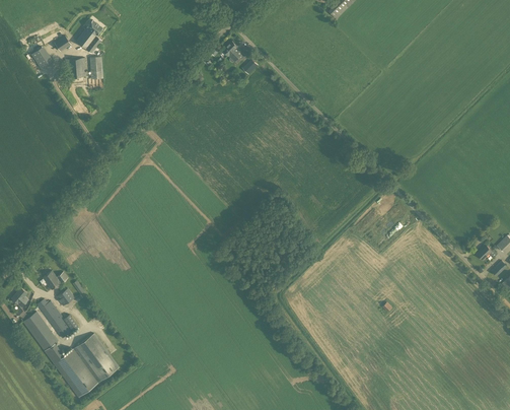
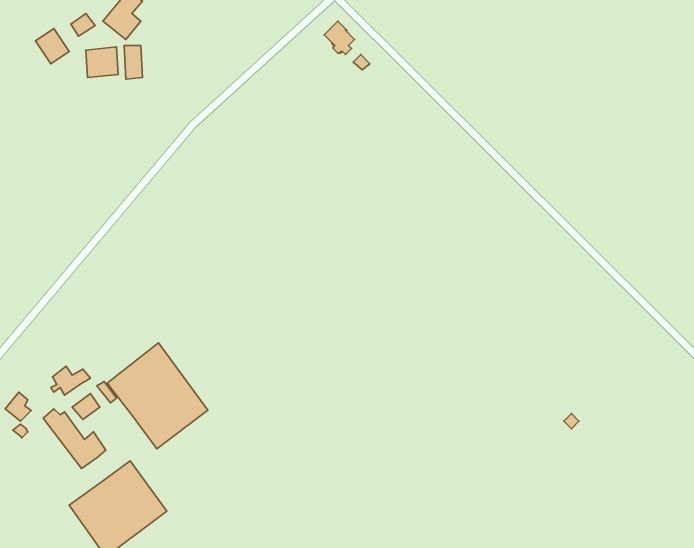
building: none -> [107,343,208,449]
building: [22,312,58,351] -> none

